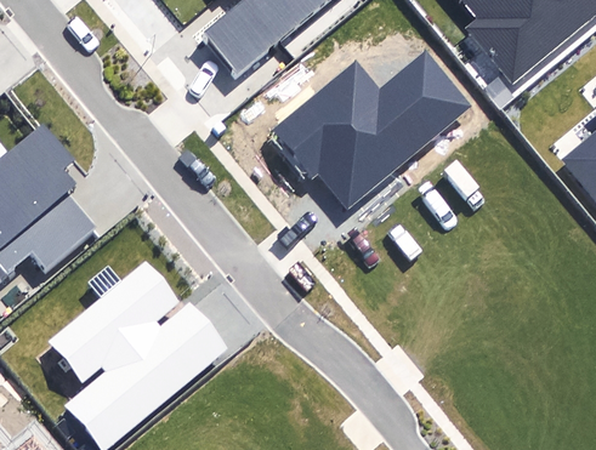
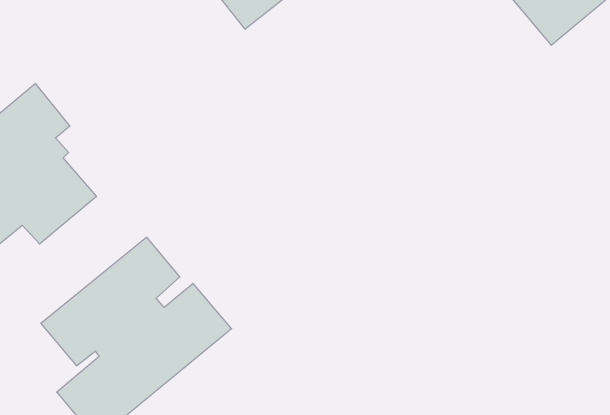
building: [268,50,472,206] -> none

